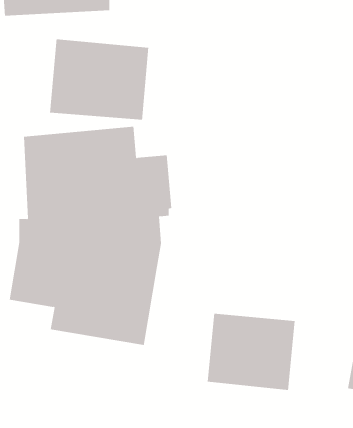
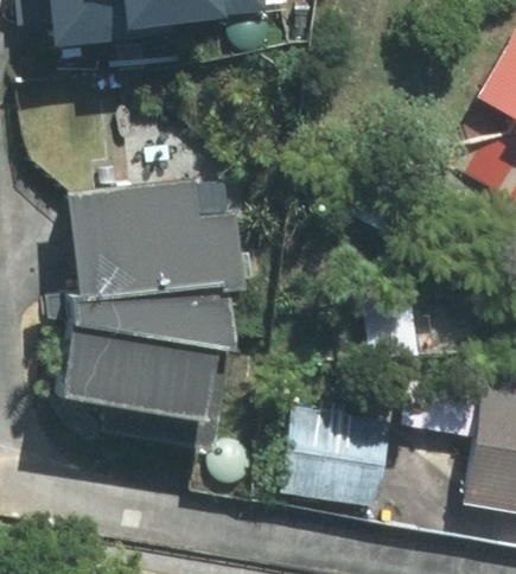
building: [50,39,149,121] -> none

